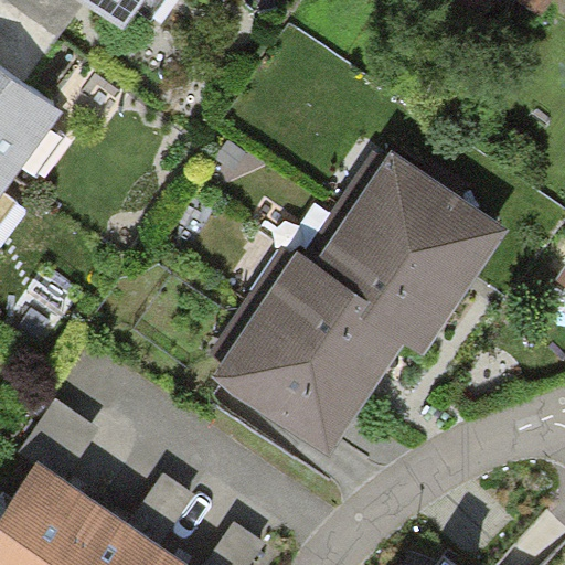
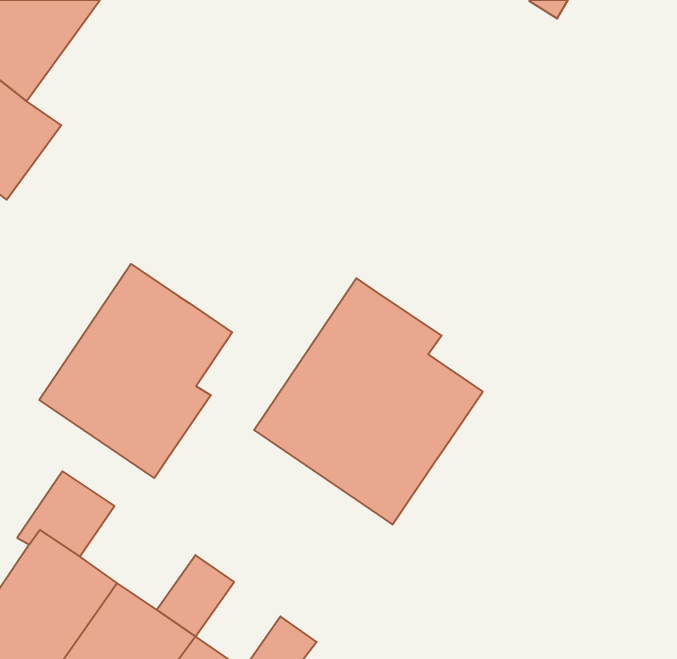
building: [313,150,508,356] -> none
building: none -> [39,264,232,478]

